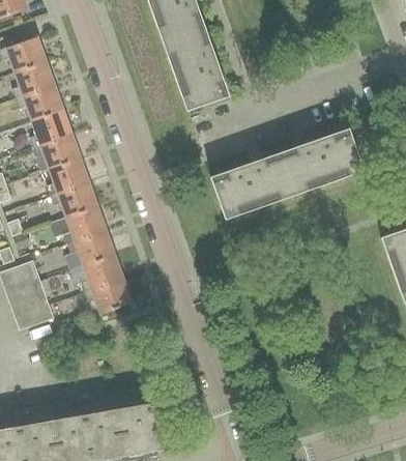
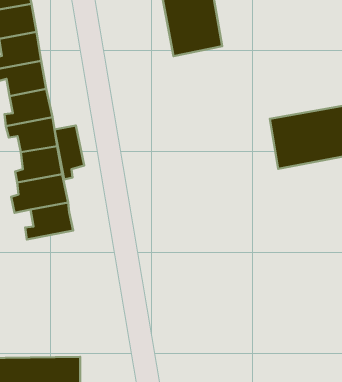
building: [210,153,294,220] -> none
building: none -> [54,125,84,179]
building: [84,279,132,315] -> none

